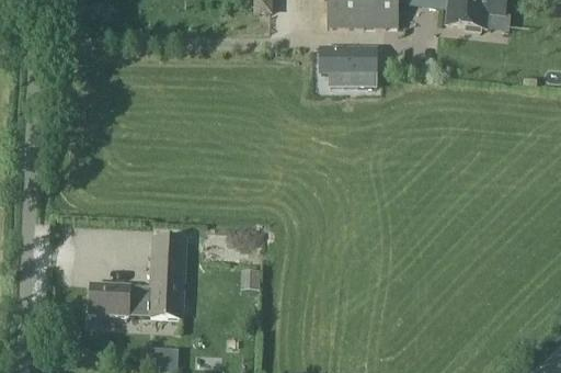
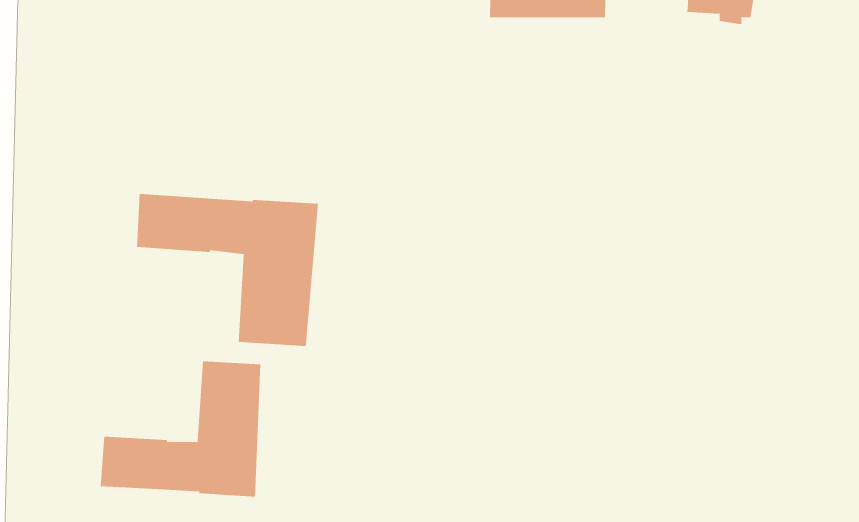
building: [319,42,371,78] -> none
building: none -> [136,193,318,347]

